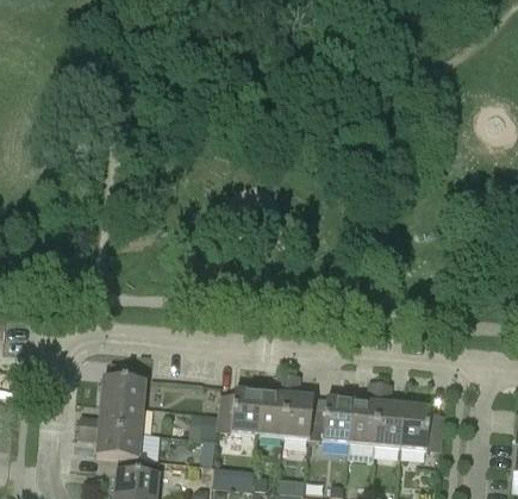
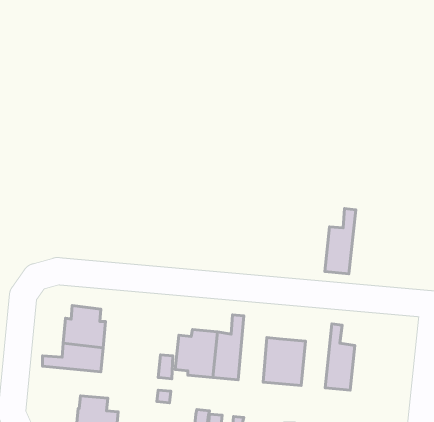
building: [283,373,313,442] -> none
building: [349,380,381,448] -> [325,209,356,274]
building: [400,404,444,453] -> none
building: [79,425,149,459] -> none

